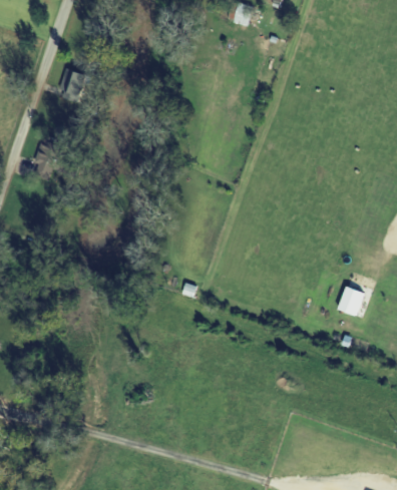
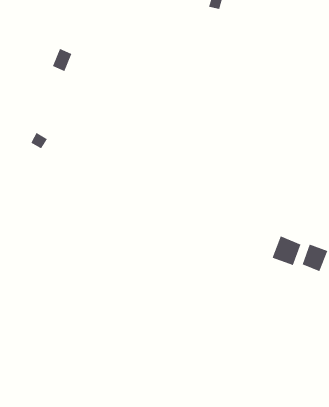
building: none -> [272,235,301,266]

